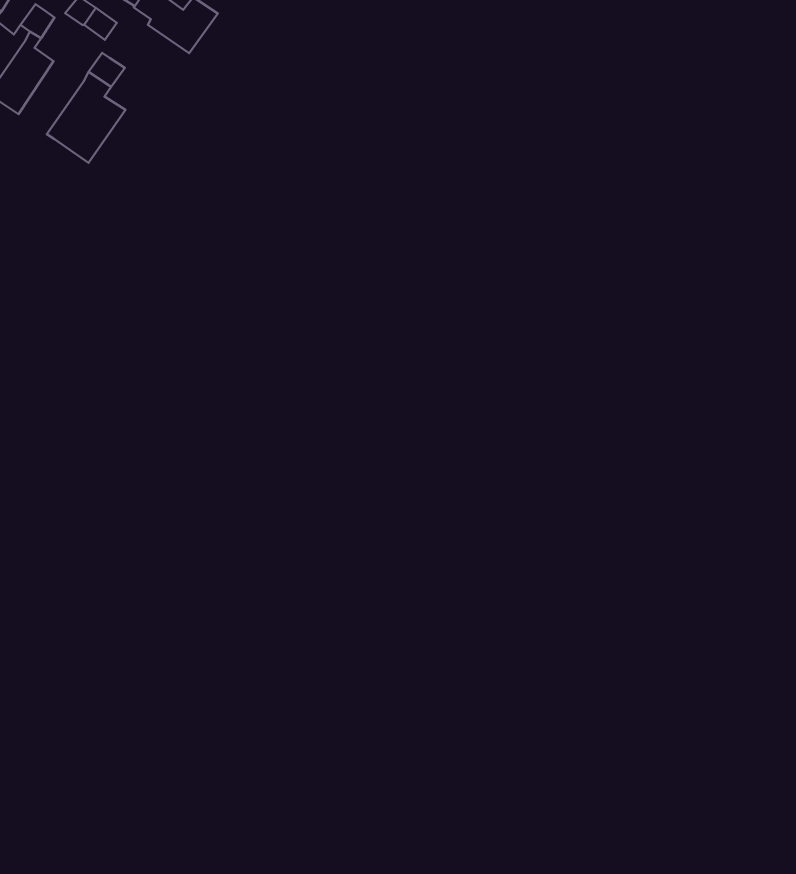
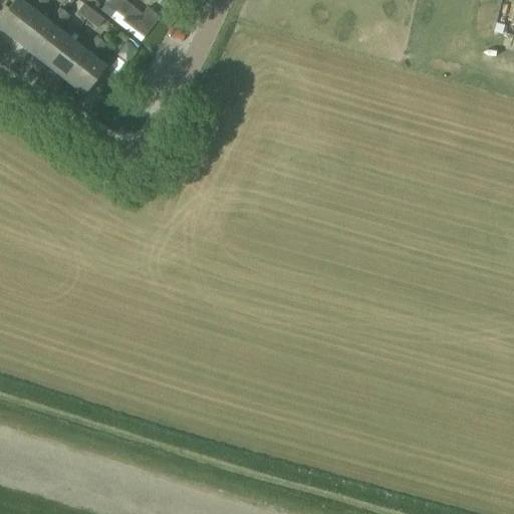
building: none -> [46,36,83,76]

